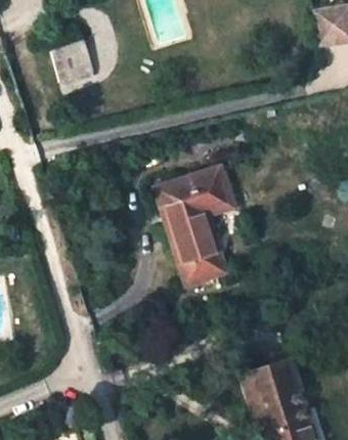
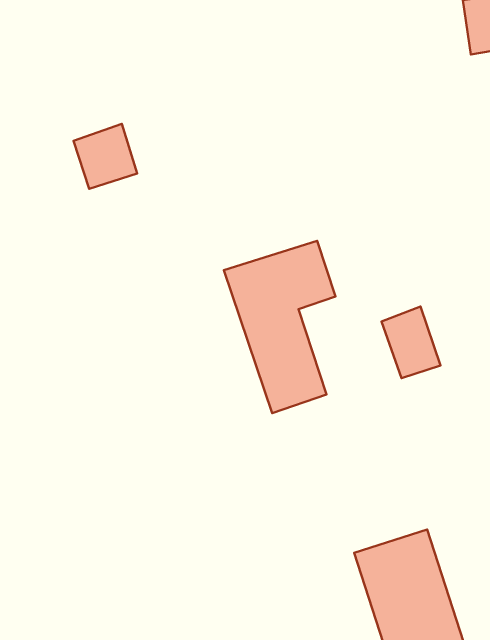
building: [52,38,94,81] -> [74,124,137,189]
building: none -> [382,307,440,378]

